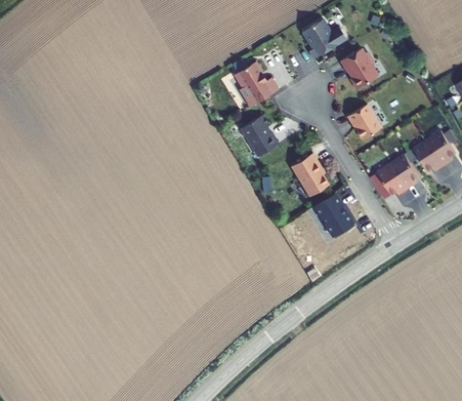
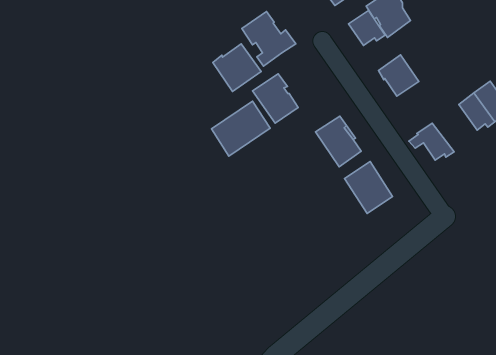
building: none -> [349,10,385,45]
building: none -> [213,44,261,91]
building: none -> [211,101,270,156]
building: [390,155,419,190] -> none

